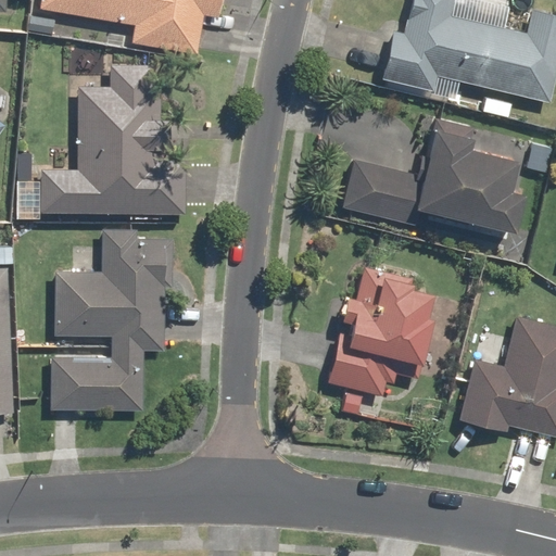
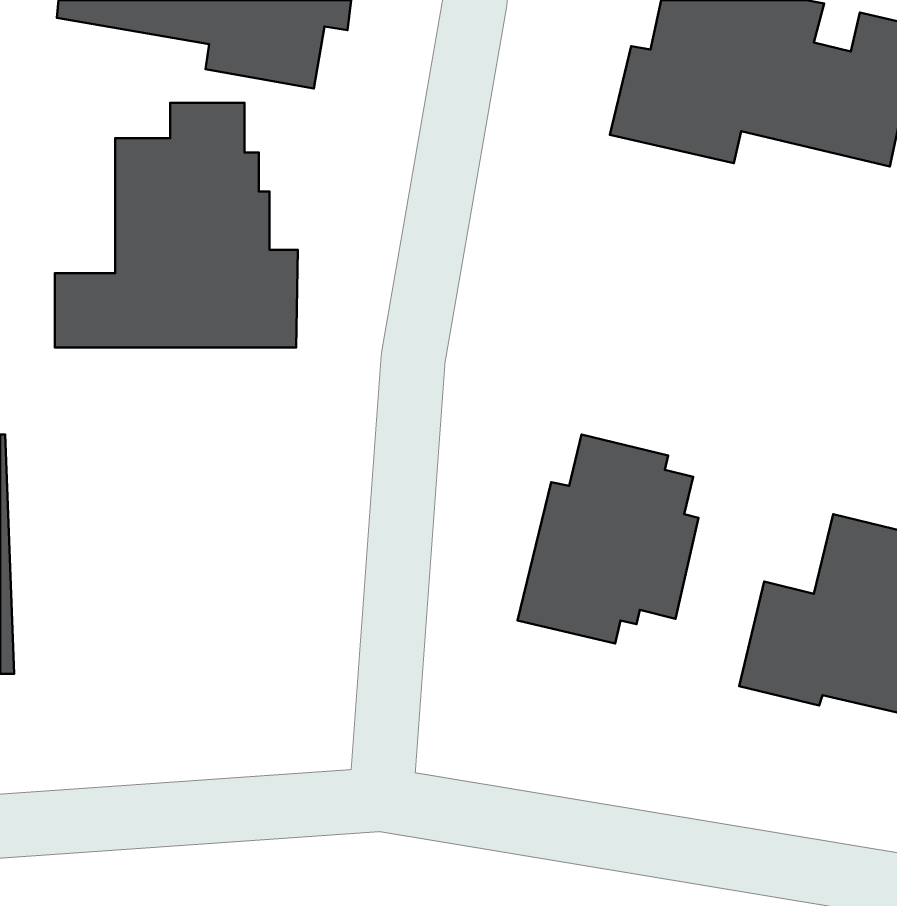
building: [340,115,521,233] -> none
building: [49,228,174,413] -> none

